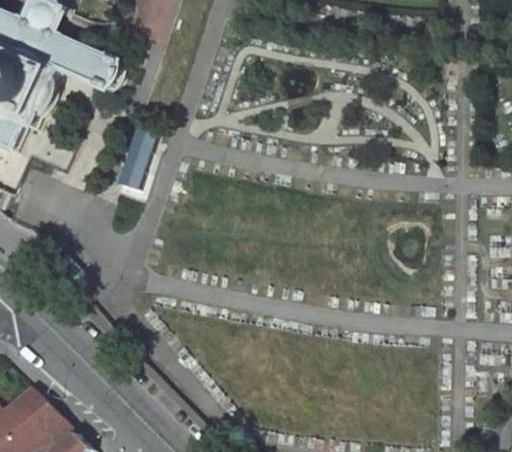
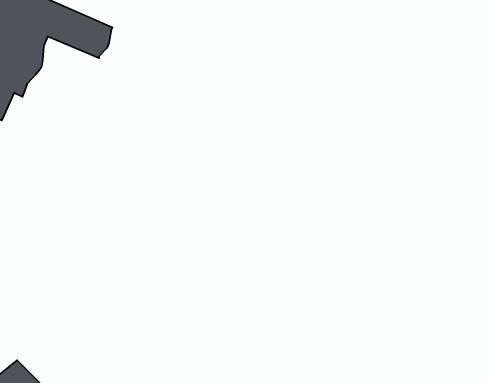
building: [114,124,152,186] -> none

